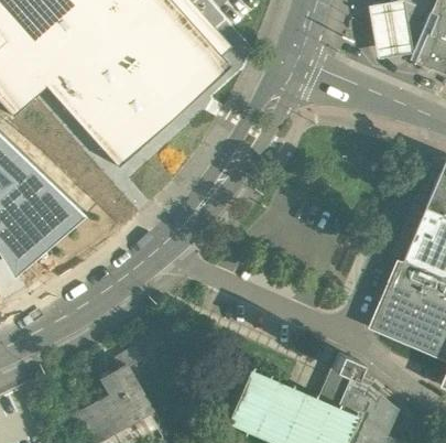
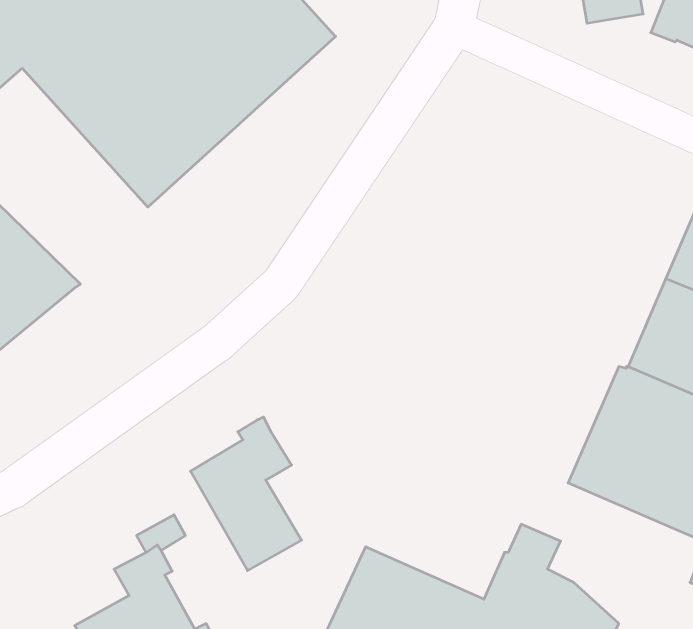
building: none -> [190,417,302,571]

